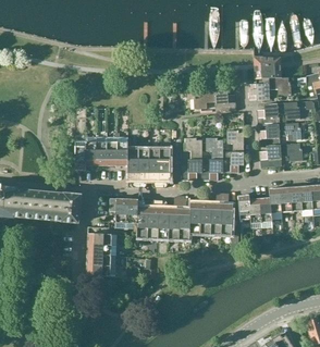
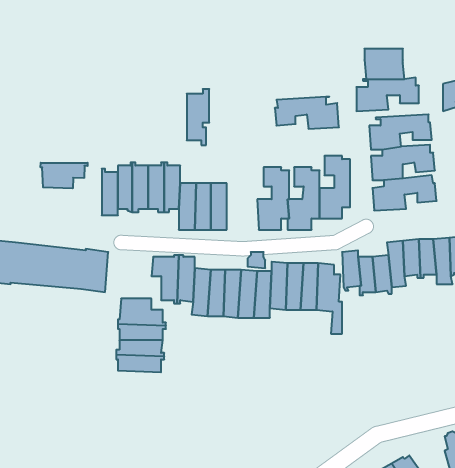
building: none -> [41,163,88,188]
building: [160,146,175,184] -> [187,89,209,145]

